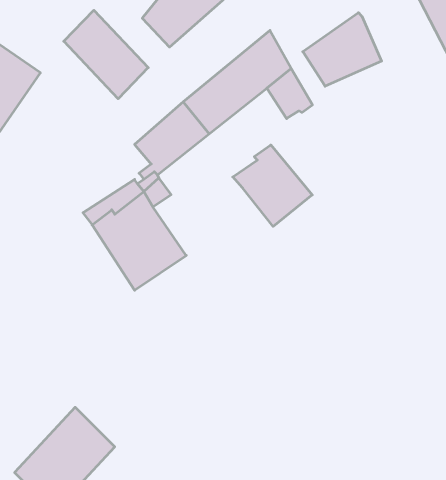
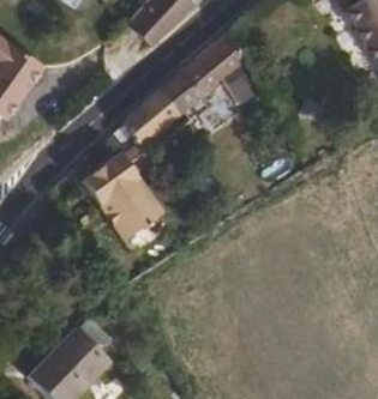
building: [64,10,148,99] -> none
building: [303,13,382,86] -> none
building: [233,145,312,226] -> none

